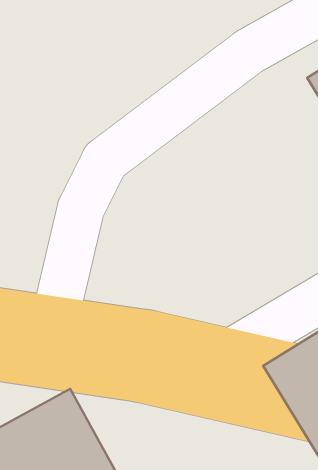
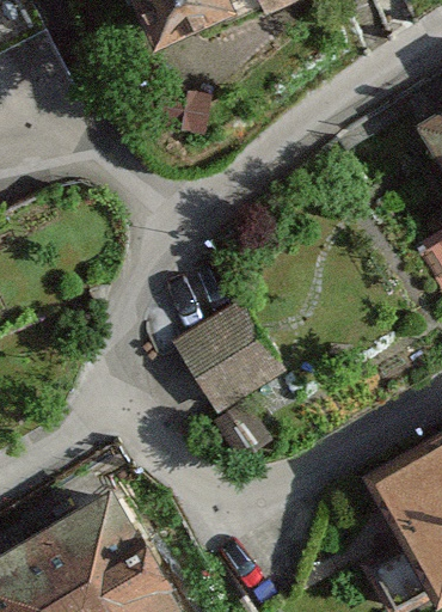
building: none -> [174,304,278,411]

